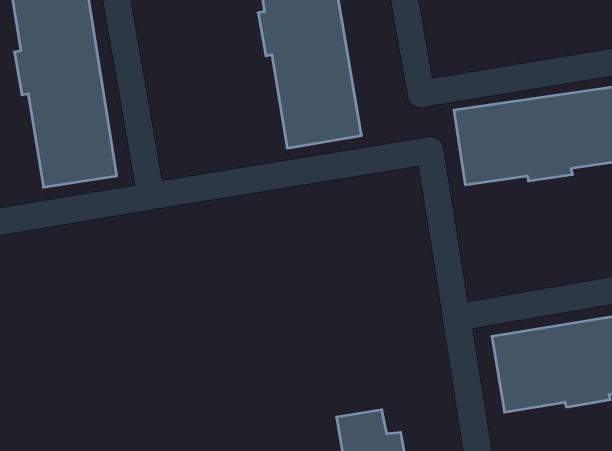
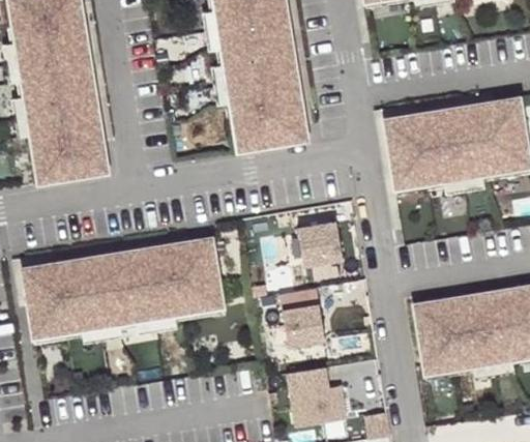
building: none -> [296,220,342,265]
building: none -> [22,238,222,330]
building: none -> [281,301,324,345]

